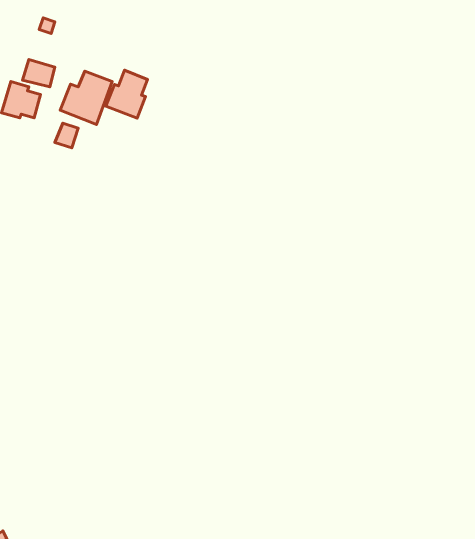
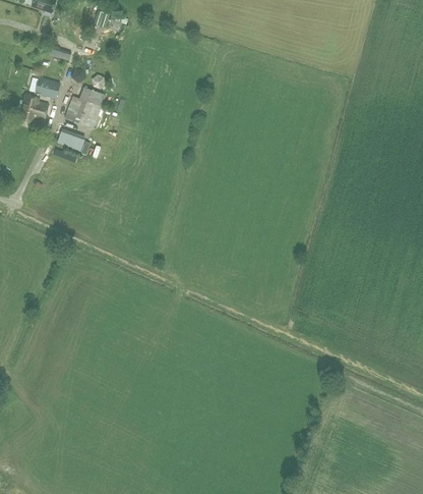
building: [106,70,148,118] -> none

